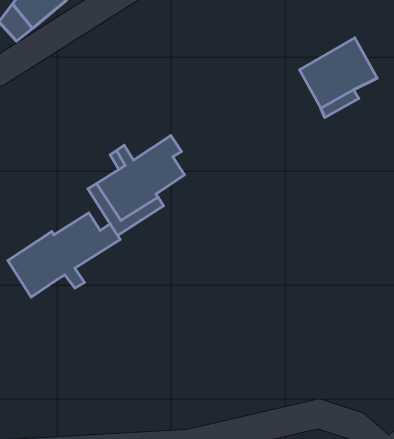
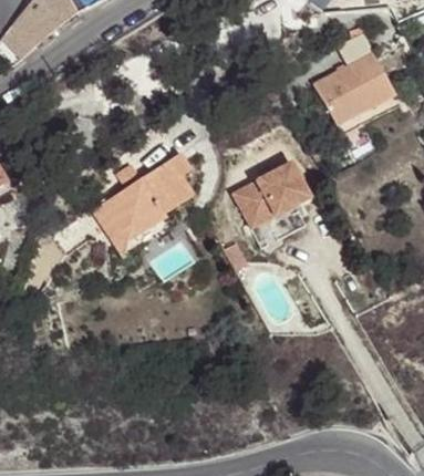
building: none -> [235,162,312,228]
building: [8,213,120,297] -> none

